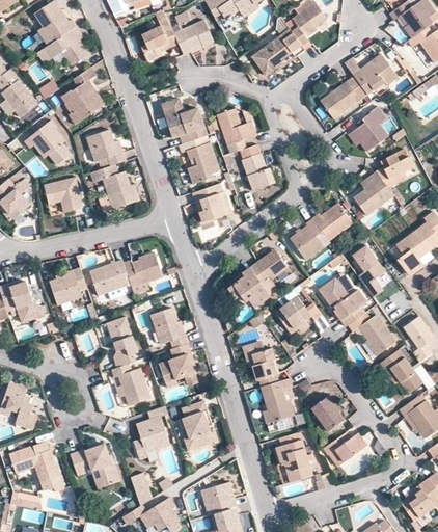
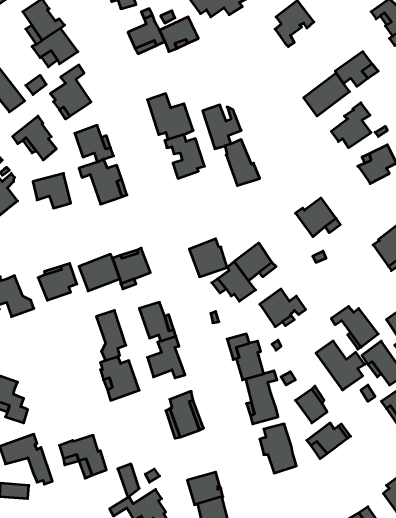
building: [250,28,301,76] -> none
building: [353,176,393,216] -> none
building: [192,183,230,221] -> [189,239,227,277]
building: [290,218,329,260] -> none
building: [353,245,384,295] -> none
building: [318,277,367,327] -> [316,341,365,390]
building: [134,415,170,458] -> none

